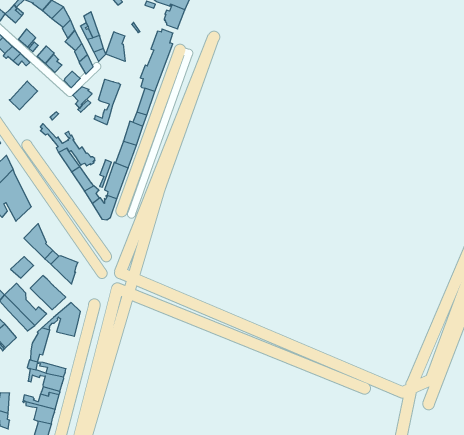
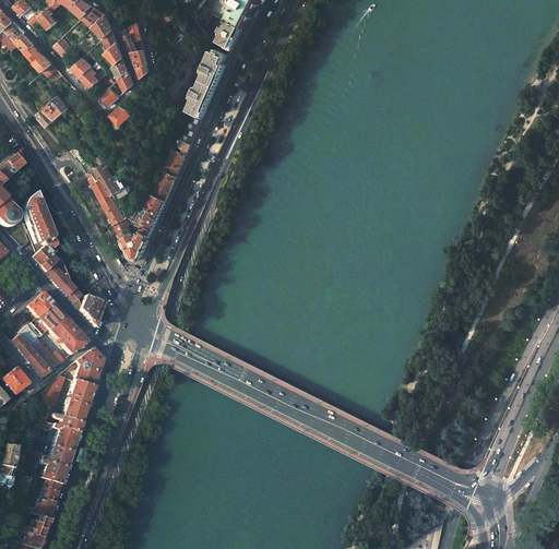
building: [106,32,125,61] -> none
building: [94,79,120,125] -> none
building: none -> [29,238,60,273]
building: none -> [31,305,61,335]
building: none -> [55,381,92,423]

